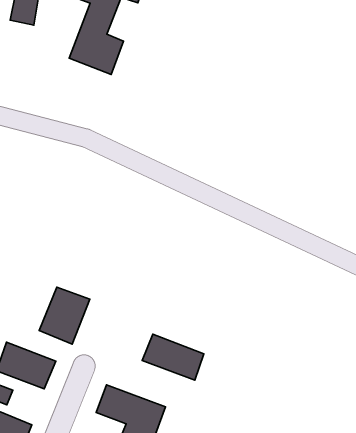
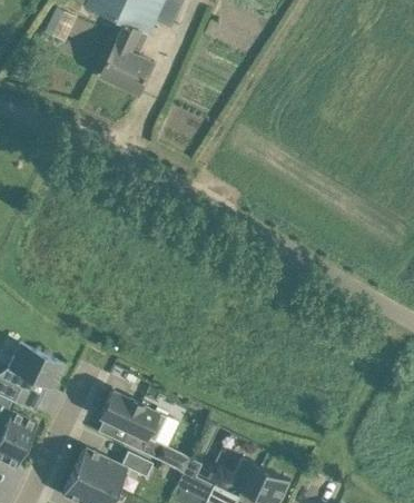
building: [39,287,90,344] -> none
building: [142,334,204,380] -> none

